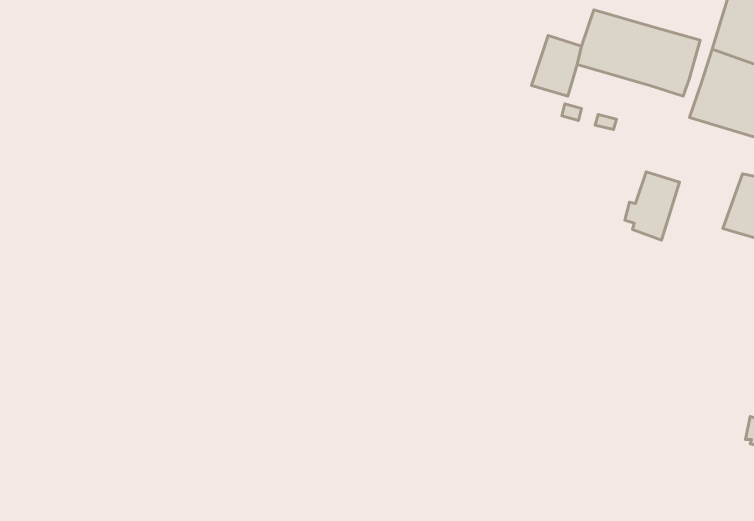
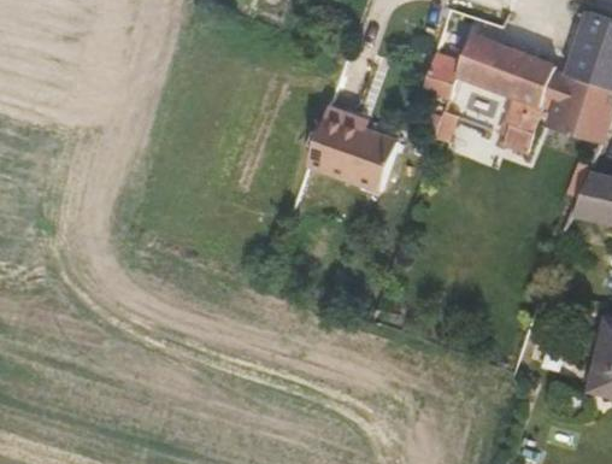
building: none -> [316,116,405,195]
building: [625,172,680,240] -> [504,102,547,157]

